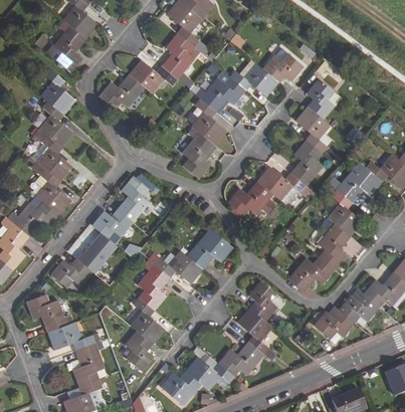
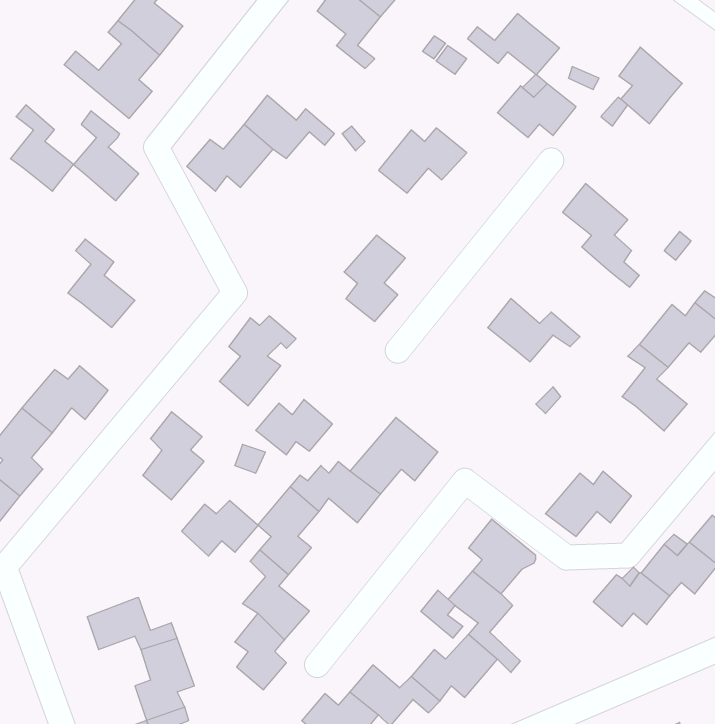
building: [162,33,194,79] -> none
building: [230,63,278,95] -> [468,14,560,75]
building: [308,78,341,119] -> [619,47,682,124]
building: [192,98,226,145] -> none
building: [39,101,72,147] -> [10,105,74,191]
building: [290,139,323,186] -> none
building: [36,168,70,214] -> none
building: [227,181,272,215] -> none
building: [91,209,132,238] -> [256,399,332,455]
building: [318,222,350,269] -> none
building: [51,258,91,287] -> [182,500,258,556]
building: [26,295,73,333] -> none

